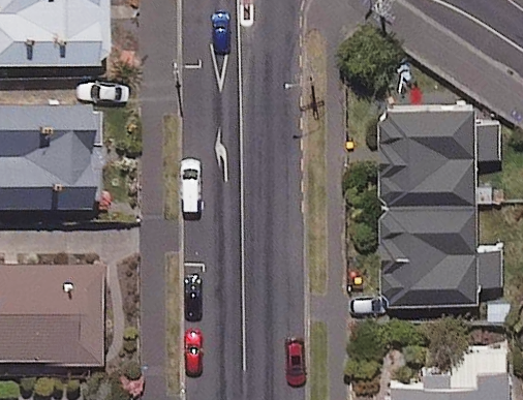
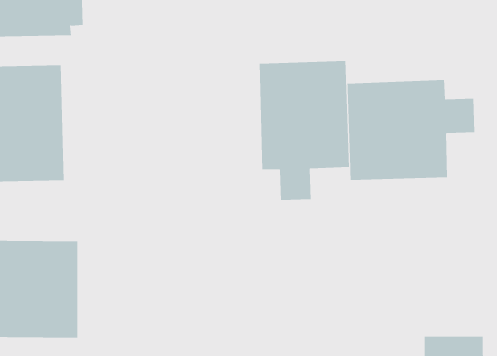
building: none -> [259,60,349,201]
building: [375,205,502,308] -> none

